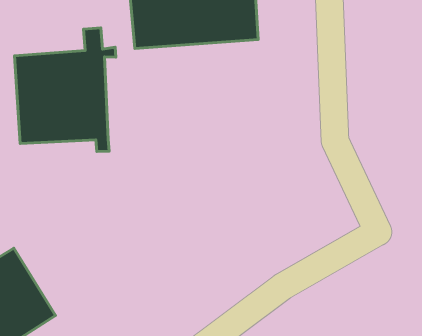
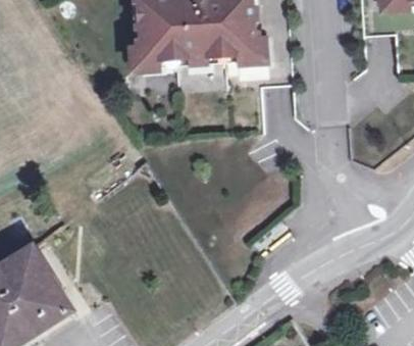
building: [15,28,116,151] -> none

